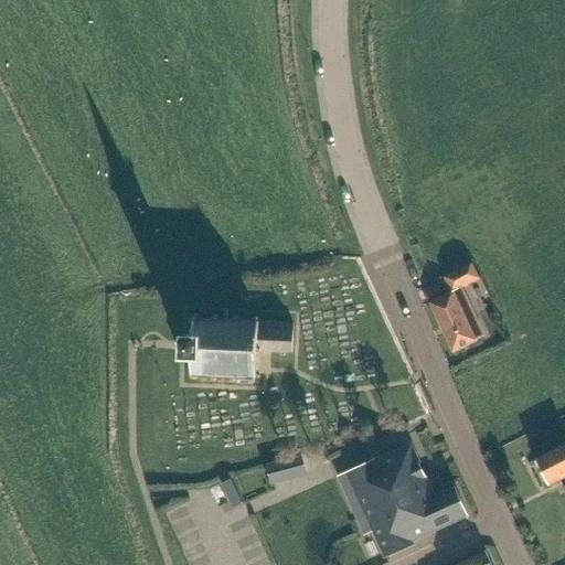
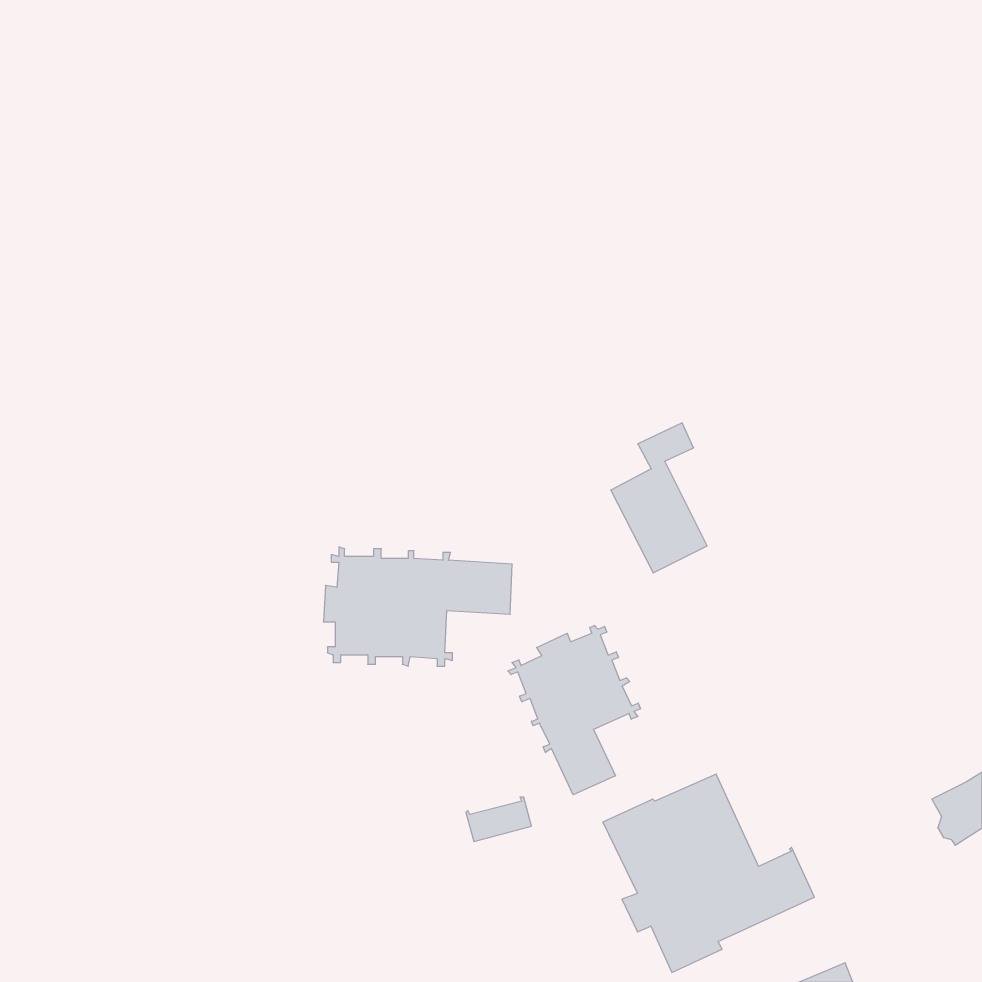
building: [428,264,483,350] -> [611,423,707,573]
building: none -> [508,625,640,795]

